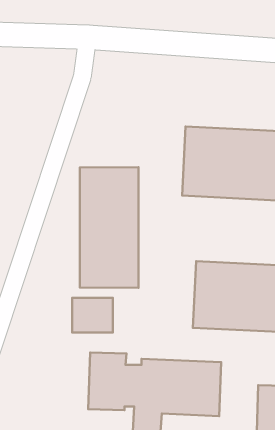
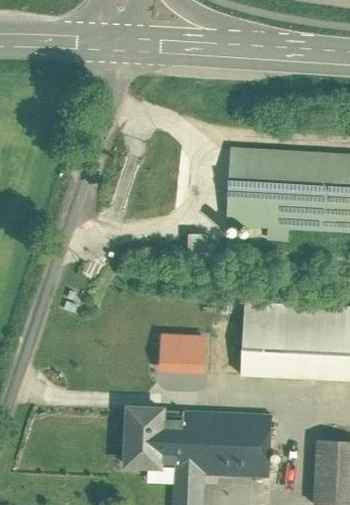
building: [80,167,139,288] -> none
building: [72,298,113,333] -> [167,334,213,373]

